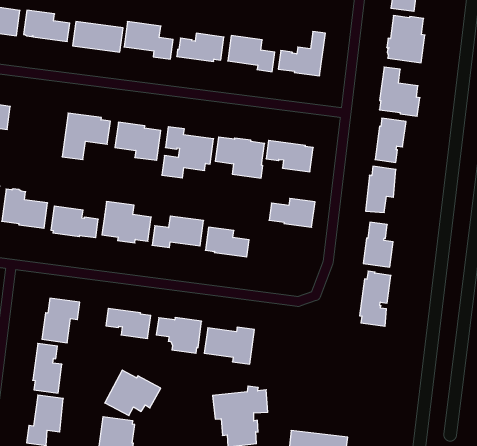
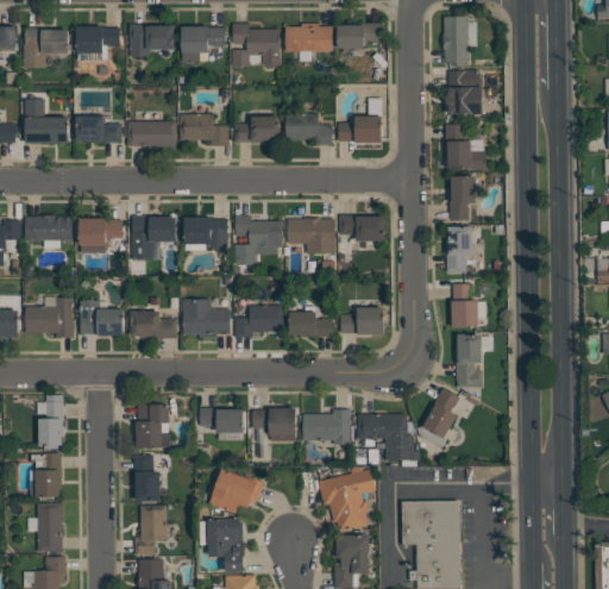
building: none -> [80,219,123,245]
building: [269,198,315,227] -> [340,308,384,334]
building: none -> [417,388,460,450]
building: none -> [358,414,420,460]

